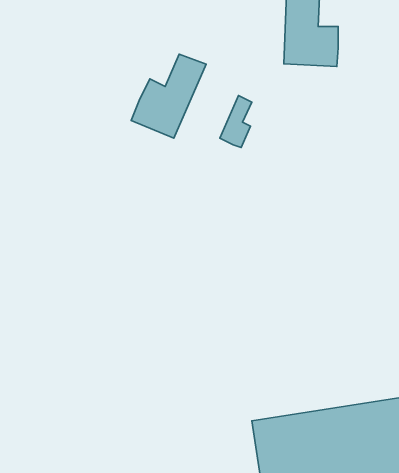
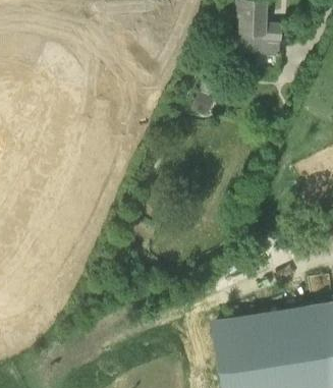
building: [131,54,206,138] -> none

